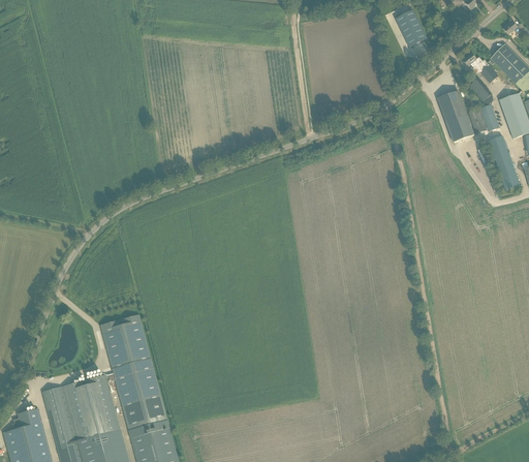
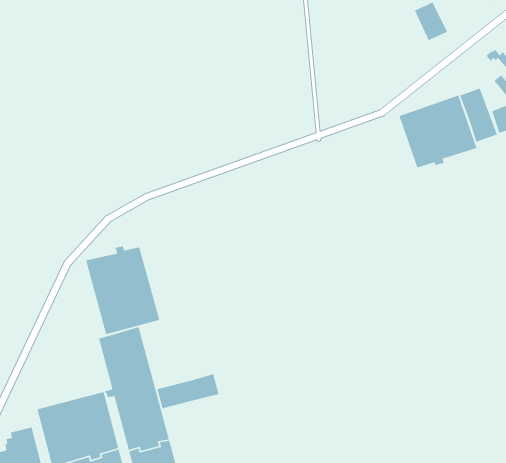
building: none -> [399,95,478,169]
building: none -> [85,245,160,335]
building: none -> [157,373,220,409]

